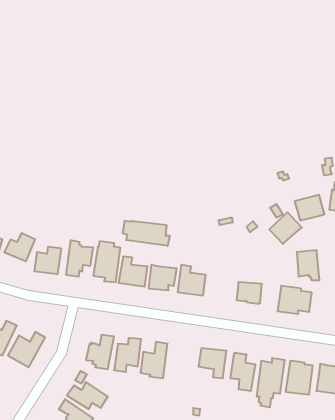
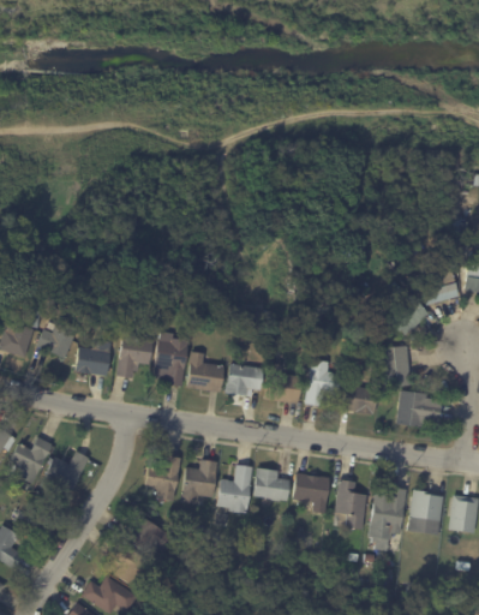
building: [123,221,170,246] -> none
building: [297,250,320,280] -> [381,346,411,386]
building: none -> [305,359,340,406]
building: none -> [252,467,289,501]

